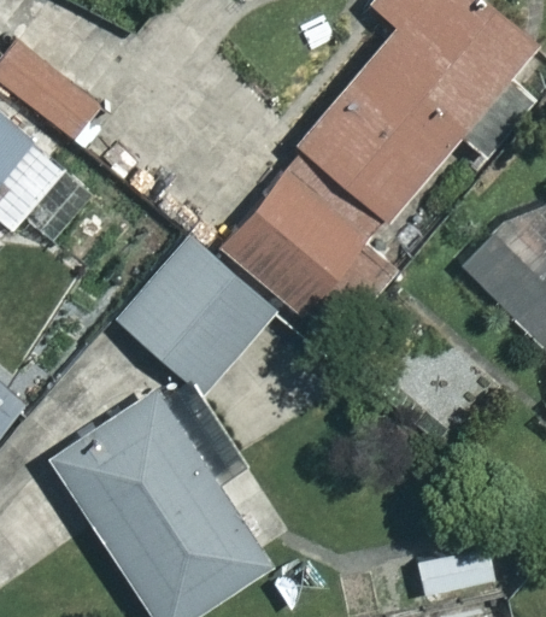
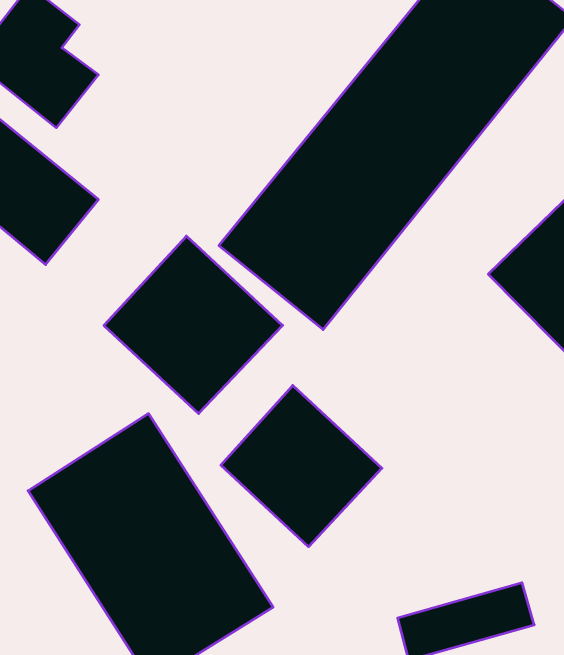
building: none -> [221,385,382,547]

